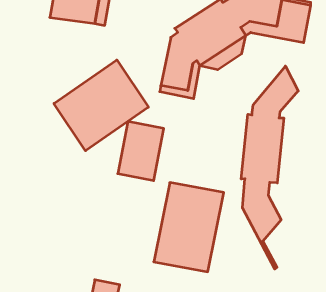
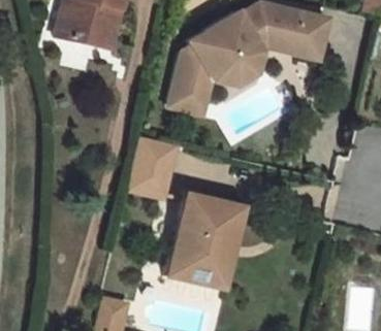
building: [54,60,148,151] -> none
building: [241,66,298,269] -> none

